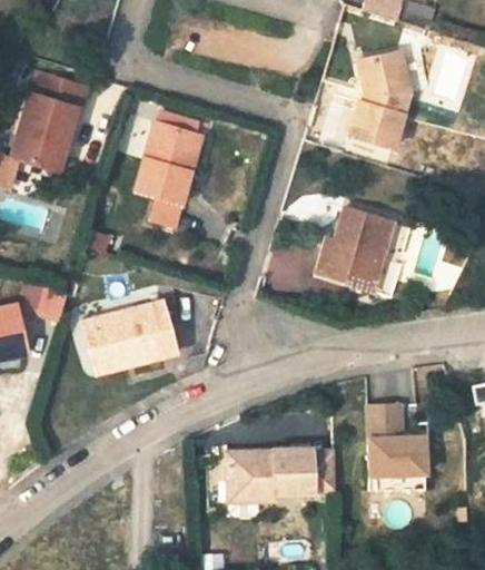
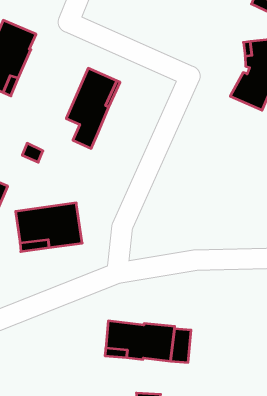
building: [316,205,394,292] -> none
building: [368,404,426,476] -> none

